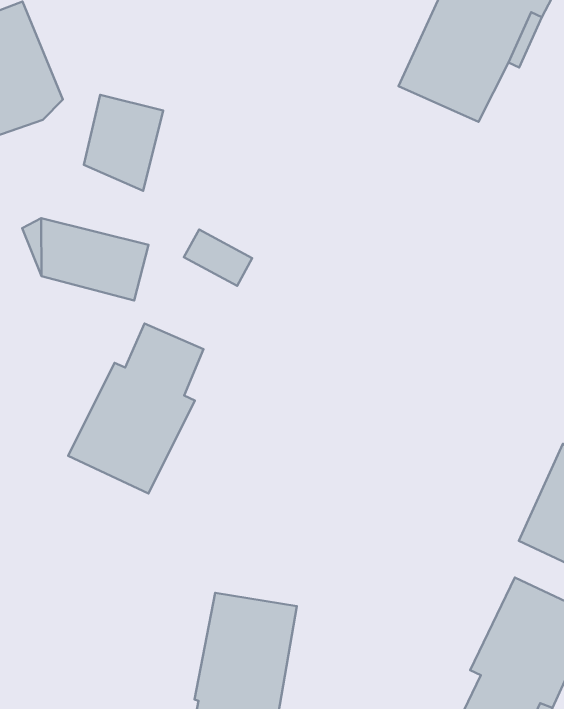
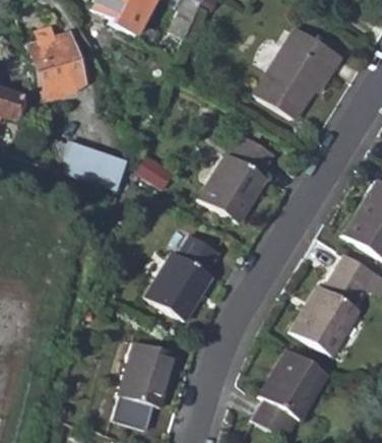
building: [84,95,163,191] -> none
building: none -> [200,135,273,222]
building: [68,323,203,493] -> [145,234,219,320]

